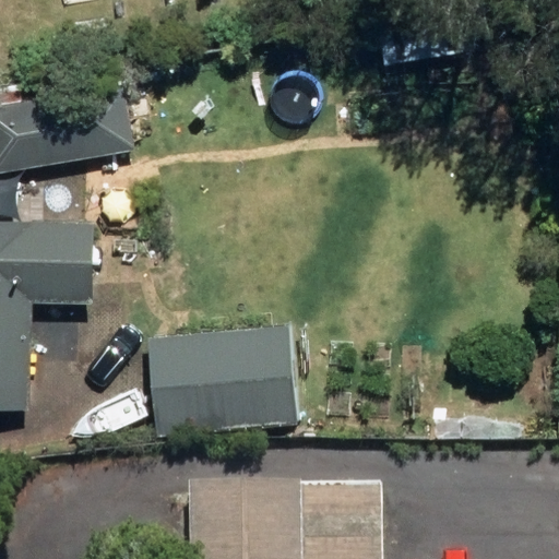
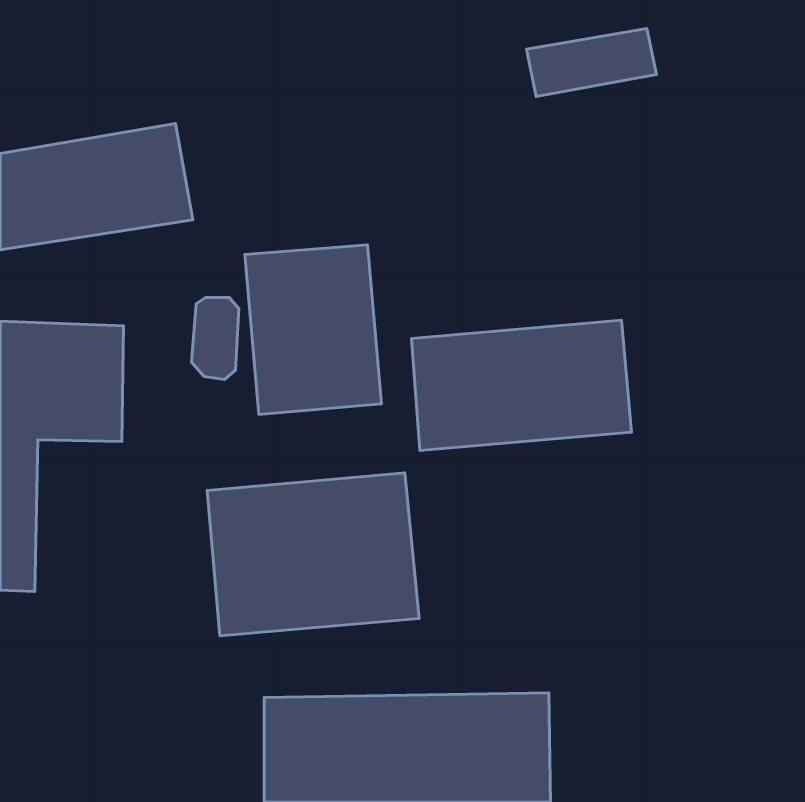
building: none -> [245,245,381,415]
building: none -> [412,320,631,451]

